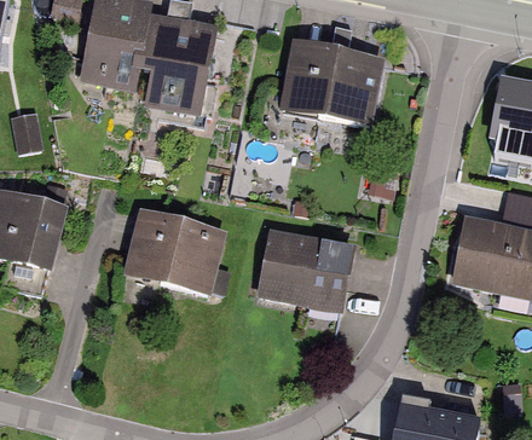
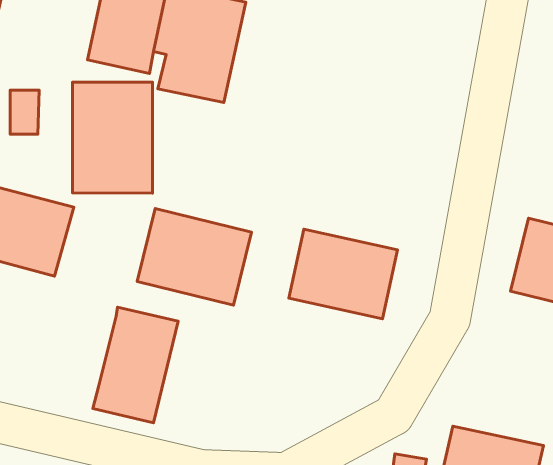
building: [281,41,383,125] -> none
building: none -> [72,82,152,193]
building: none -> [93,307,178,423]

